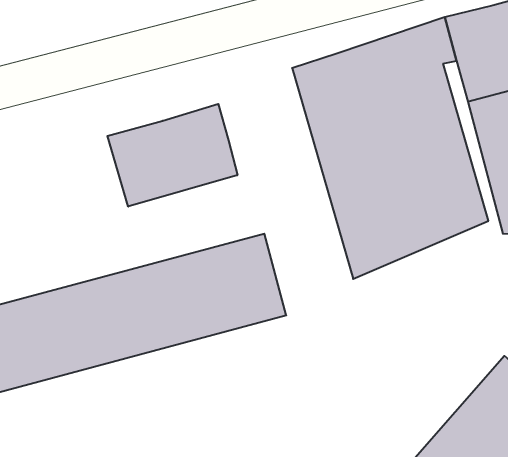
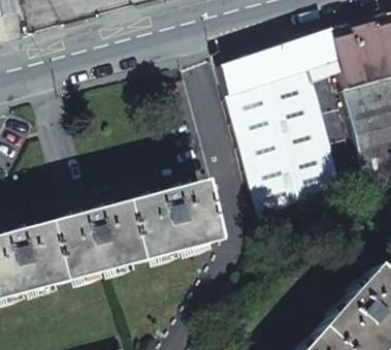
building: [107,104,237,207] -> none

